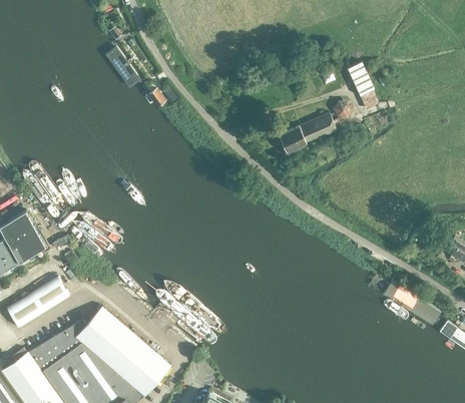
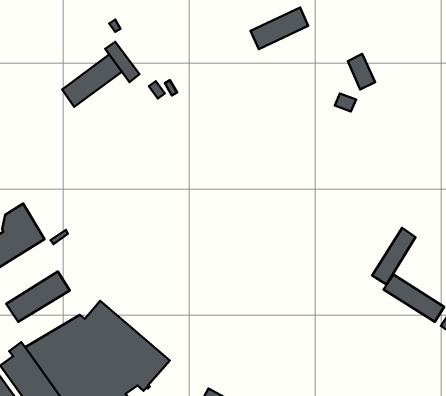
building: none -> [62,54,122,107]
building: [279,113,336,154] -> [251,8,308,49]
building: none -> [372,228,416,285]

